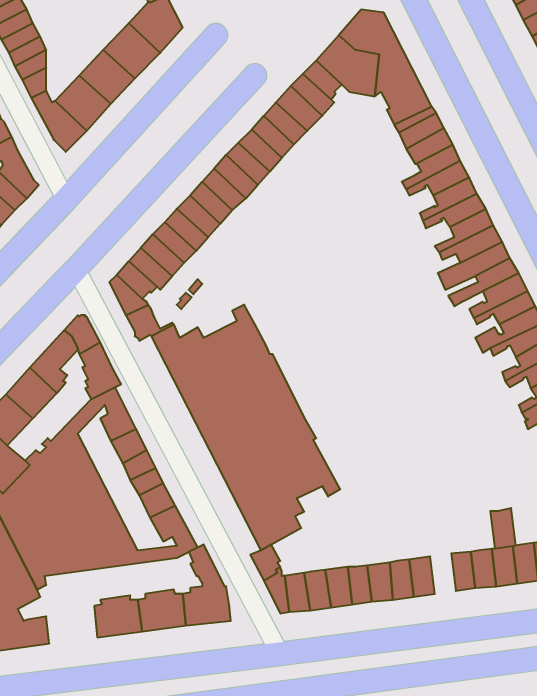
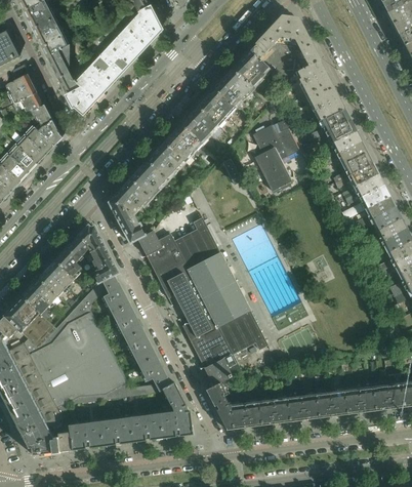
building: none -> [253,118,300,191]
building: [490,508,516,549] -> [330,389,347,416]
building: none -> [68,422,102,450]

